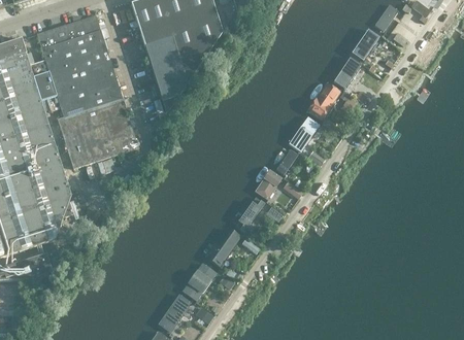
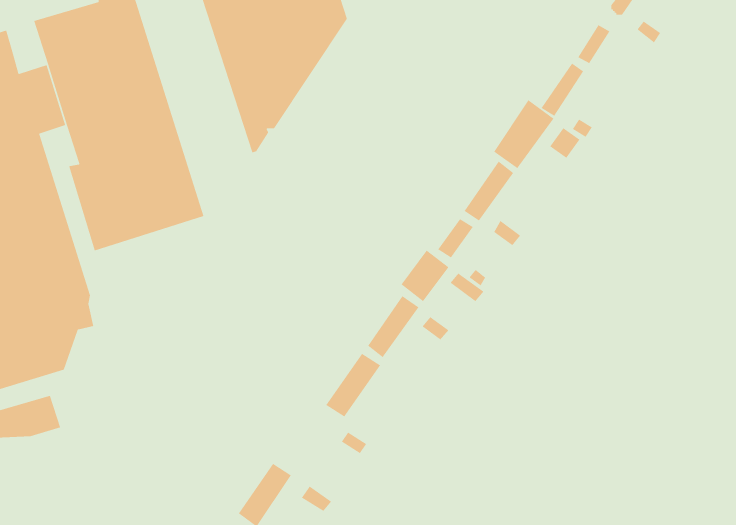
building: [183,261,217,300] -> none

